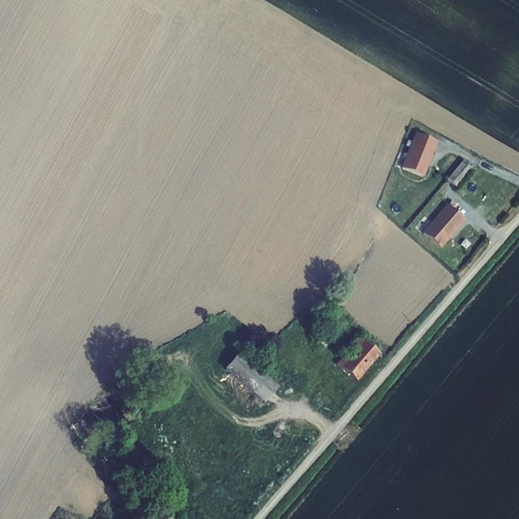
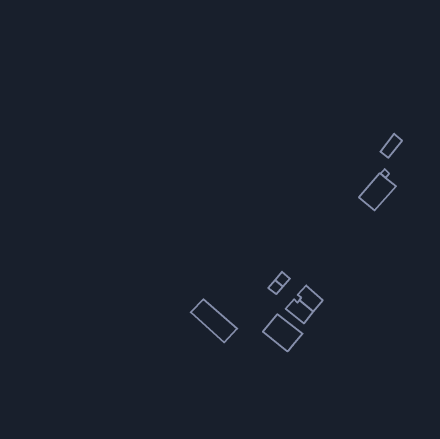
building: [401,131,439,175] -> none
building: none -> [263,314,303,351]

